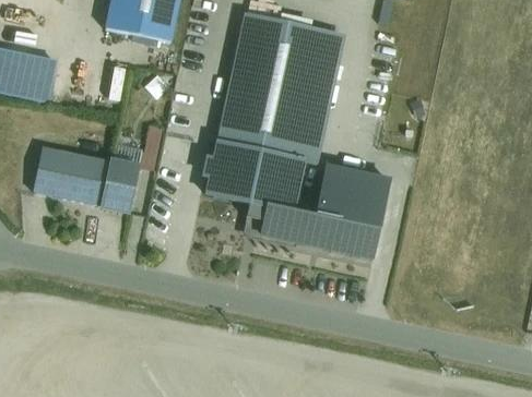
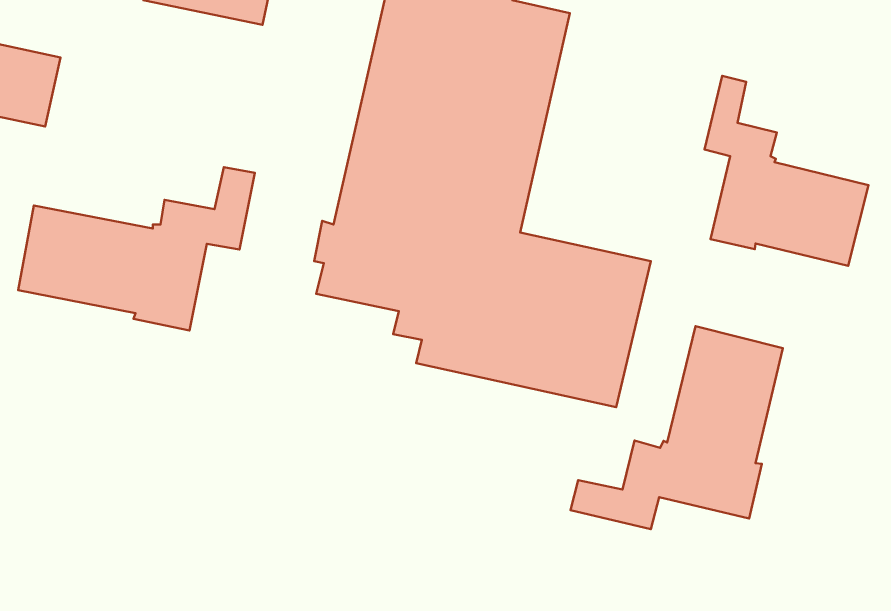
building: none -> [705,76,868,266]
building: none -> [571,326,783,529]

